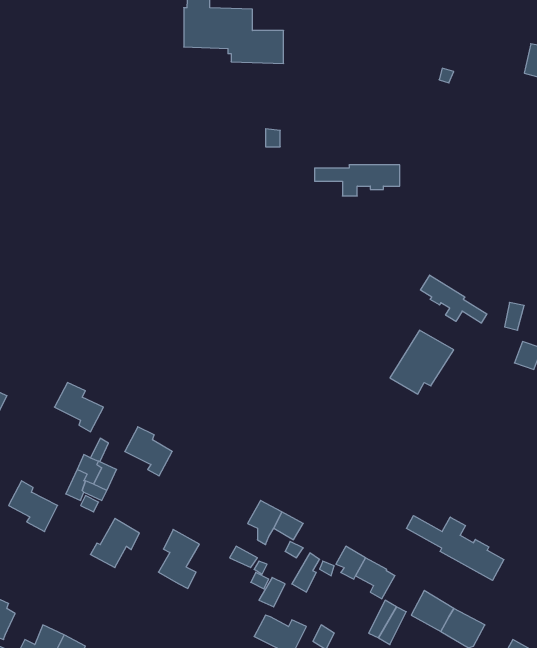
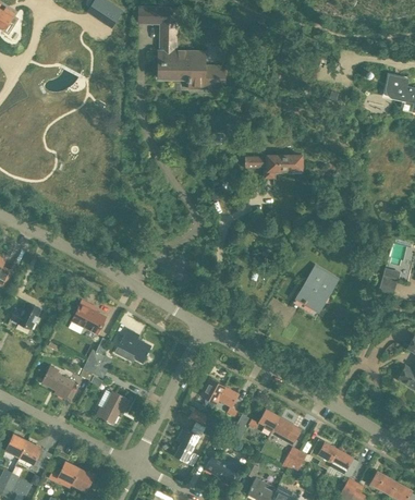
building: [420,275,487,323] -> none
building: [406,516,504,580] -> none
building: [158,529,199,588] -> [173,427,200,466]

